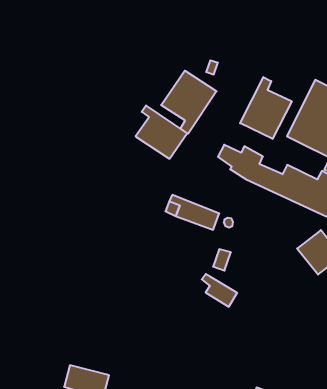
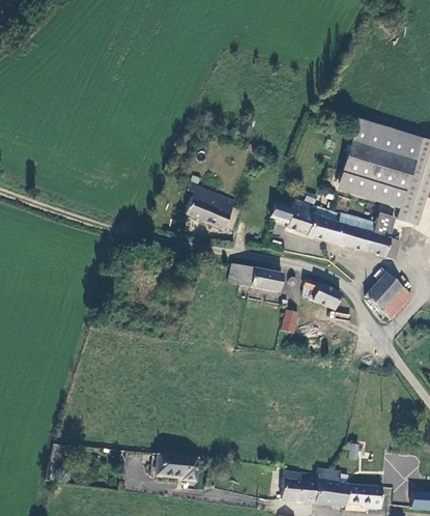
building: [161,71,217,134] -> none
building: [240,77,292,139] -> none
building: [202,274,237,307] -> [304,279,342,308]

